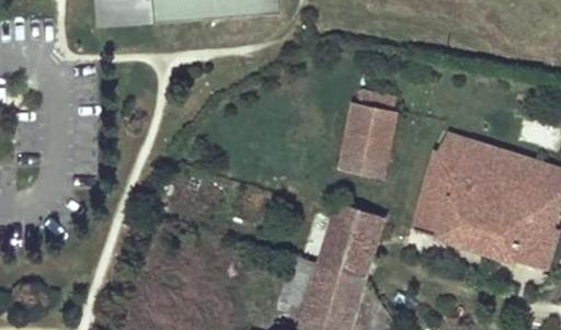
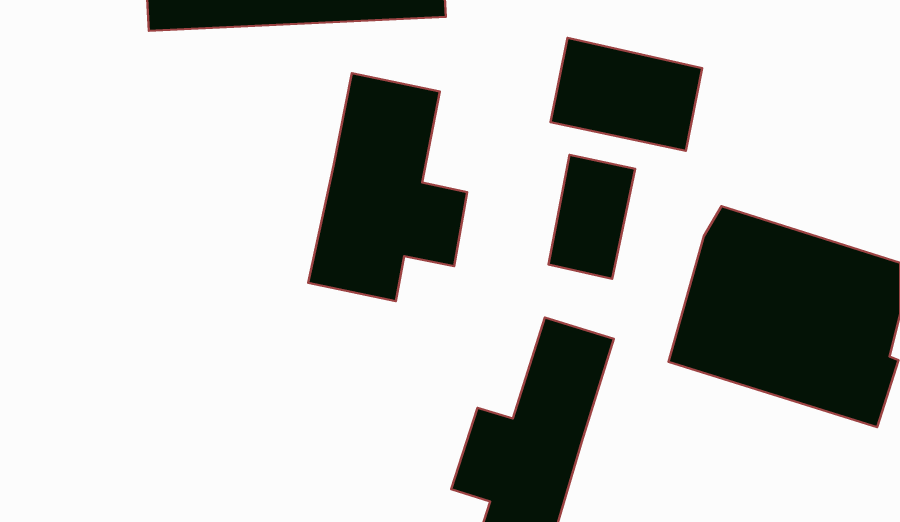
building: none -> [550,38,702,151]
building: none -> [308,73,467,301]

